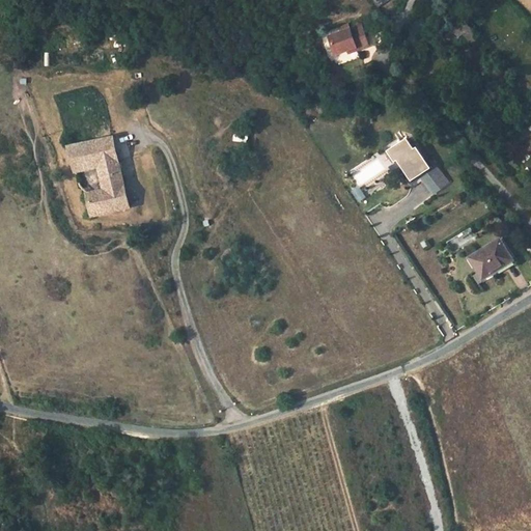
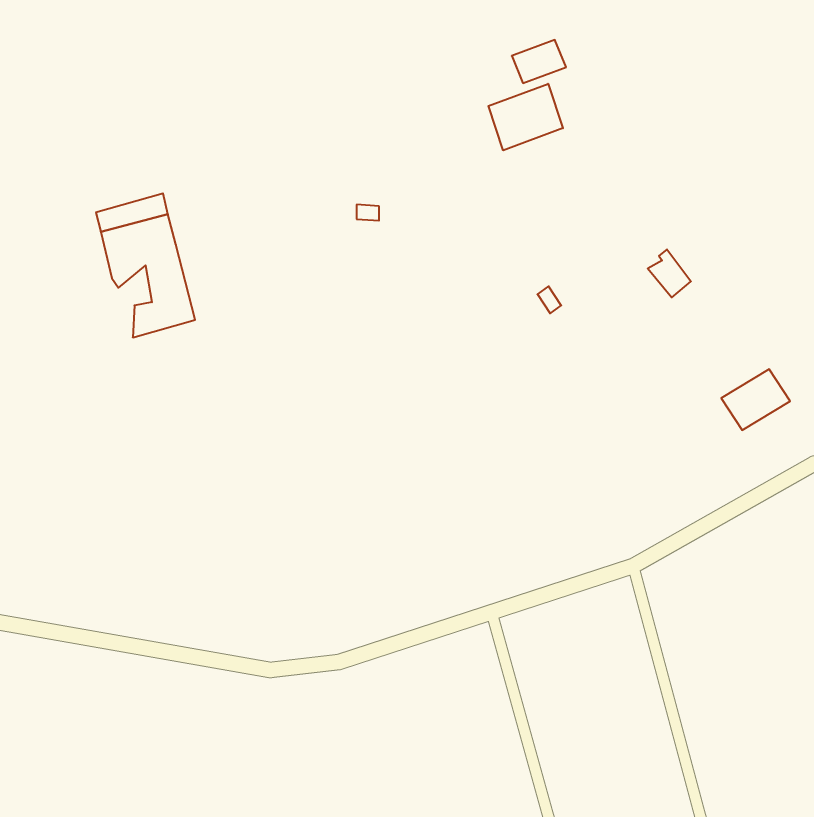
building: none -> [488,84,563,150]
building: [386,138,429,181] -> none

